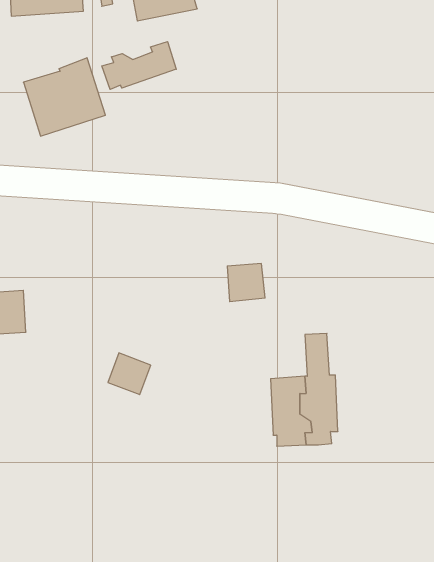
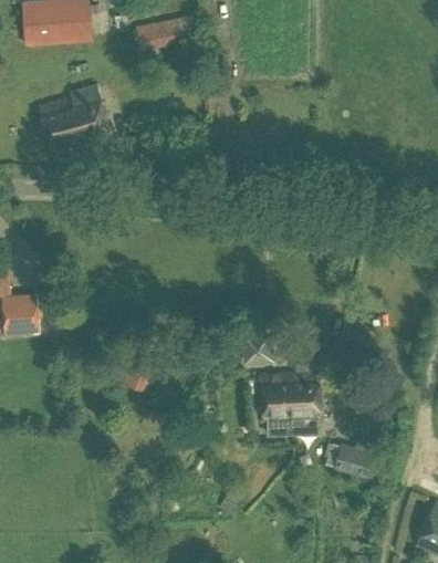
building: [102,42,176,89] -> none
building: [227,264,265,302] -> [240,330,274,364]
building: none -> [331,442,379,481]

